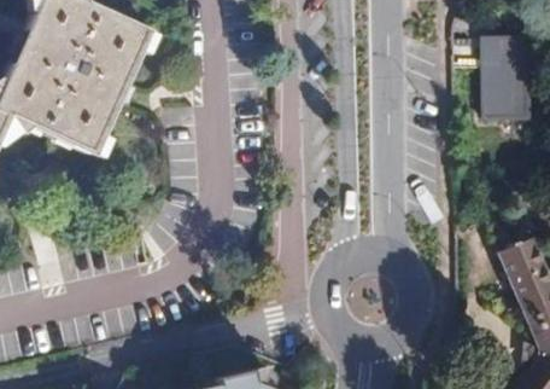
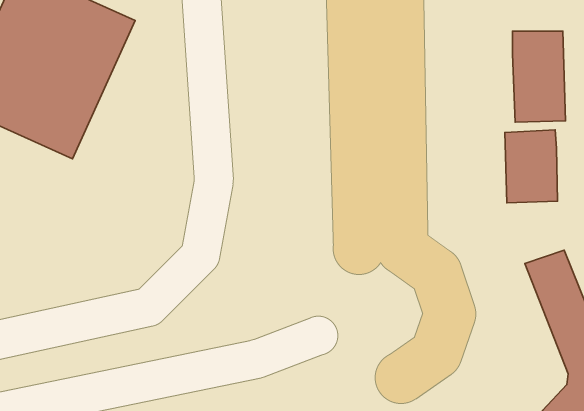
building: none -> [505,130,557,203]

